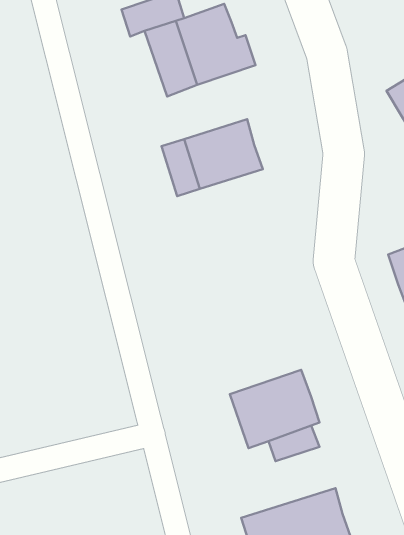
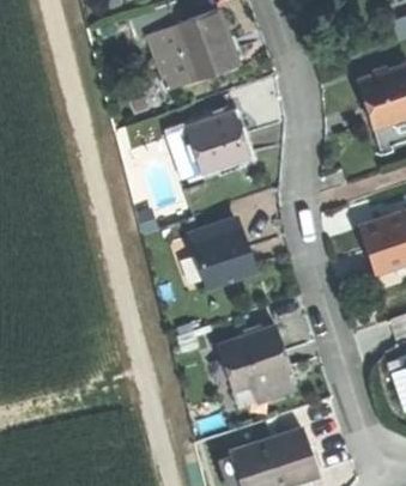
building: none -> [194,229,254,286]

